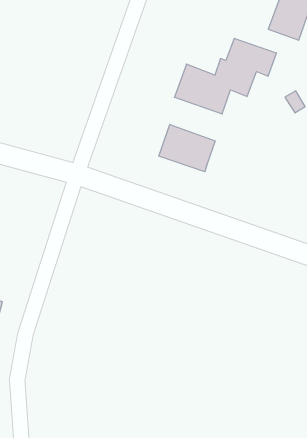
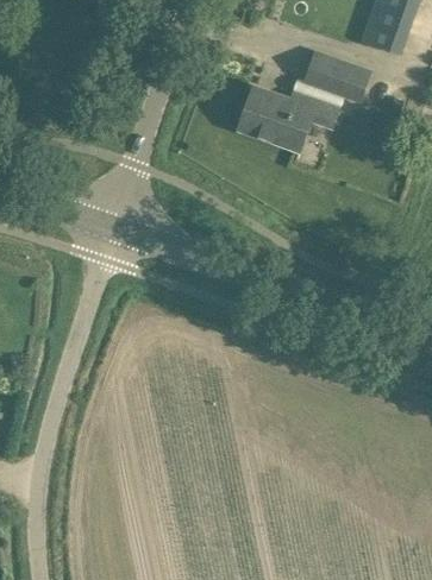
building: [159,124,215,172] -> none

